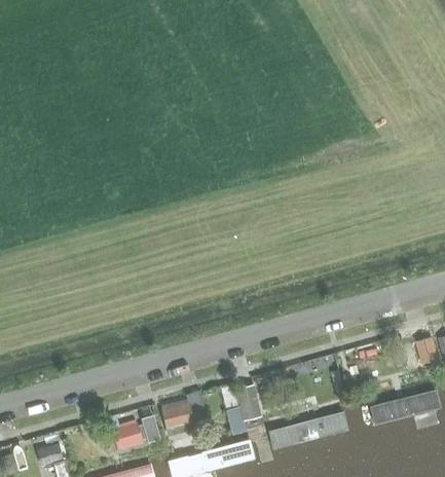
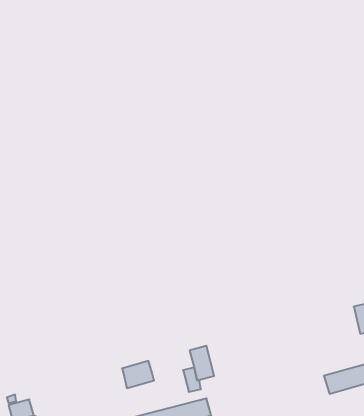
building: [270,410,350,449] -> none
building: [111,421,142,448] -> none

